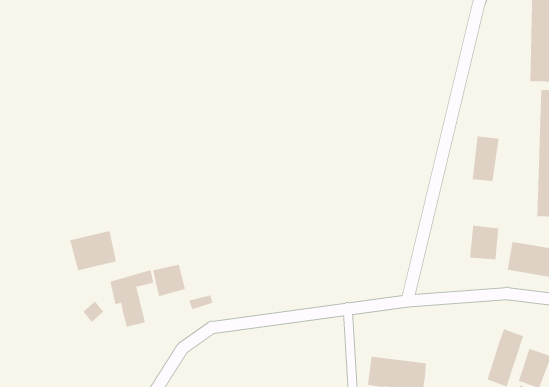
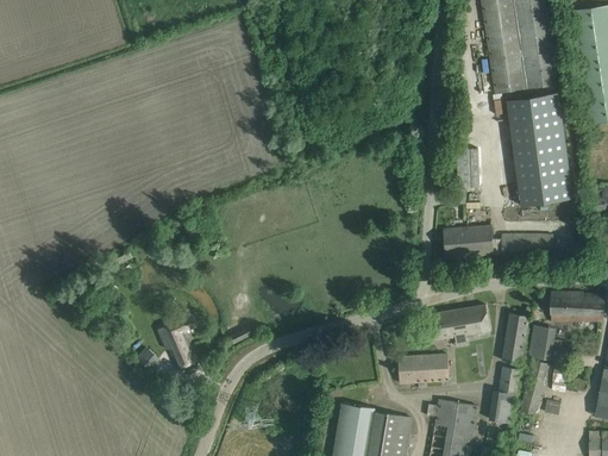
building: none -> [444,226,469,258]
building: [69,230,117,271] -> none
building: [152,264,186,297] -> none
building: none -> [430,304,490,339]

